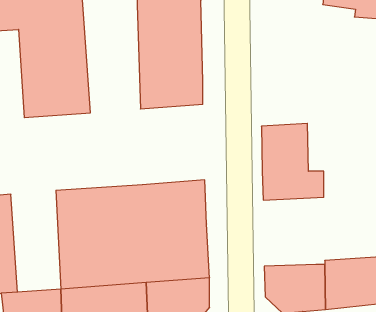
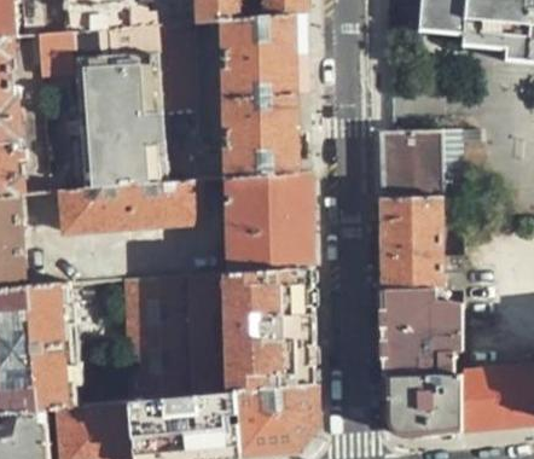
building: none -> [381,128,459,198]
building: none -> [230,170,310,272]
building: none -> [58,179,199,231]
building: none -> [384,287,462,374]

